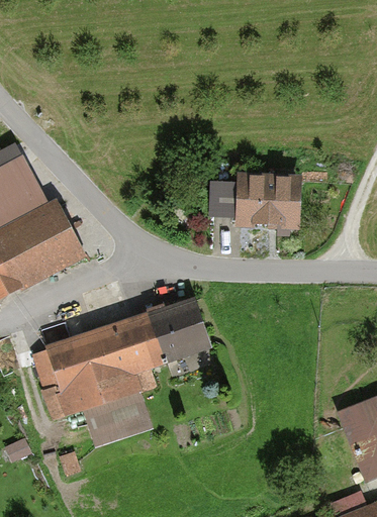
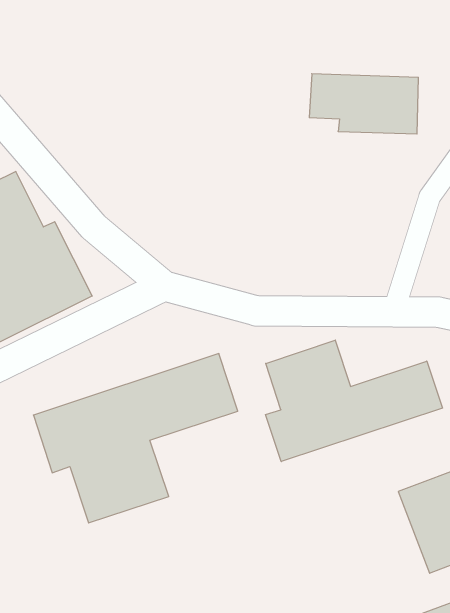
building: [214,179,302,227] -> [309,74,418,134]
building: none -> [265,340,443,462]

